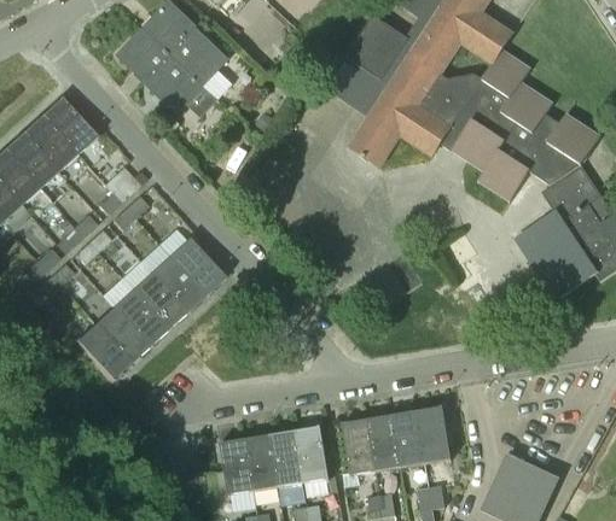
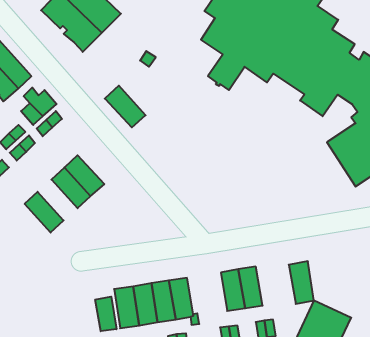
building: [169,238,226,295] -> [105,86,146,127]
building: [114,289,169,346] -> none
building: [76,323,132,381] -> none
building: [417,405,452,464] -> [289,261,314,304]
building: [342,418,377,476] -> none
building: none -> [95,297,116,331]

